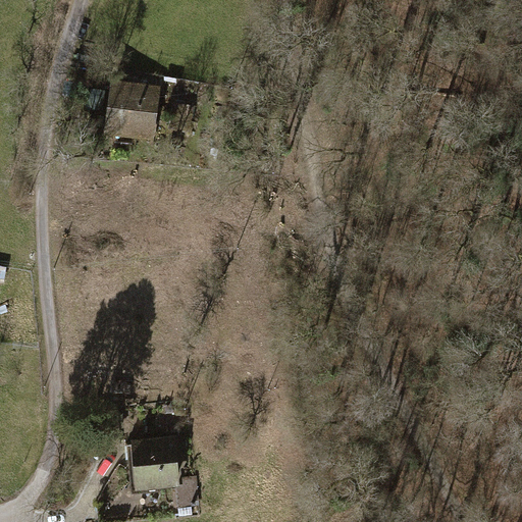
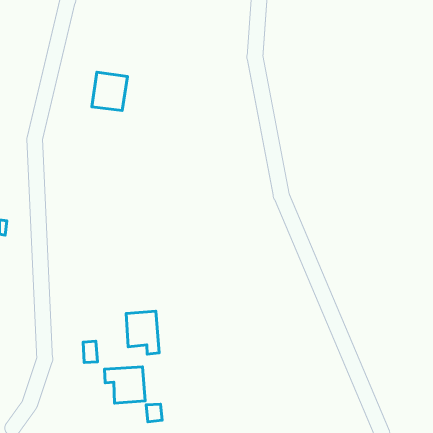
building: none -> [126,311,159,354]

